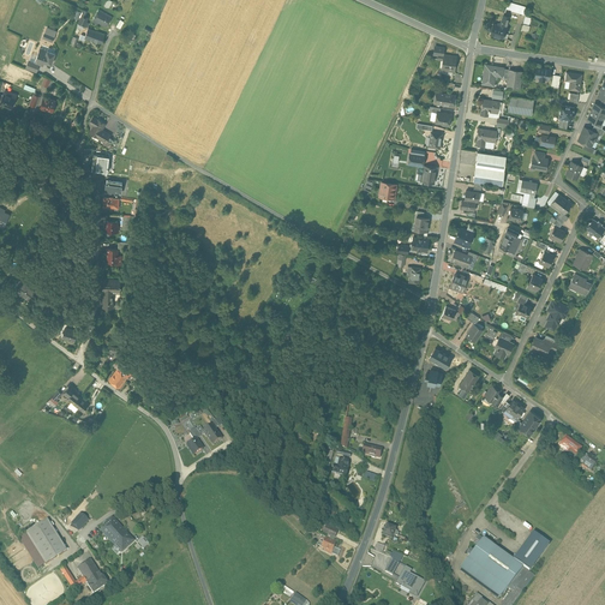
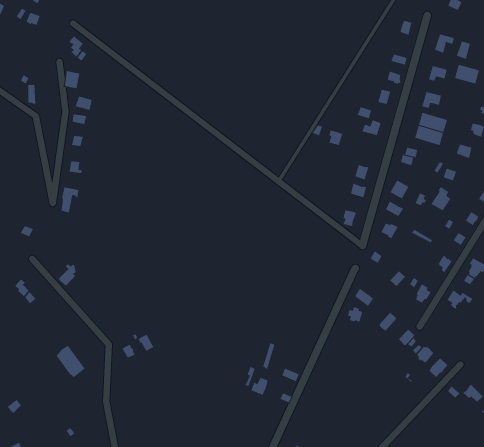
building: [101,516,134,551] -> [56,345,85,378]

